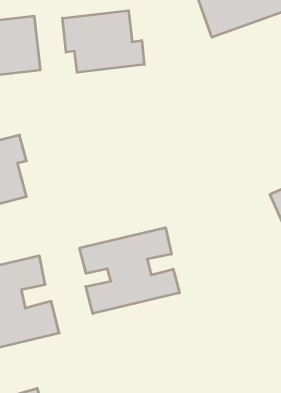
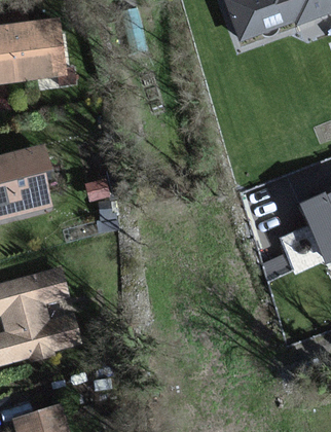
building: [62,11,144,72] -> none
building: [80,228,179,314] -> none

